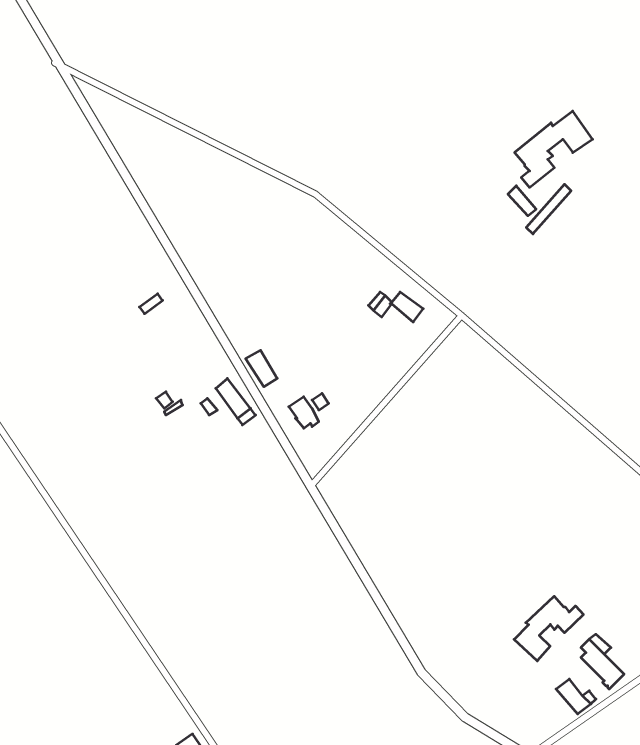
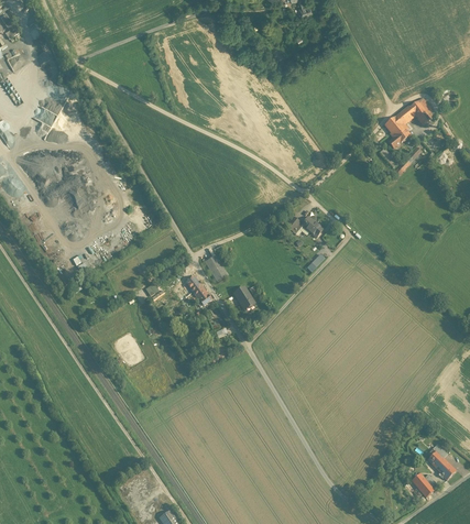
building: [514,596,583,661] -> none

